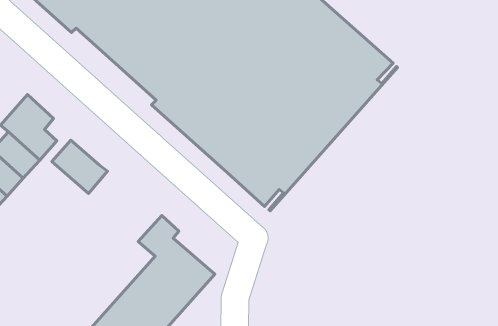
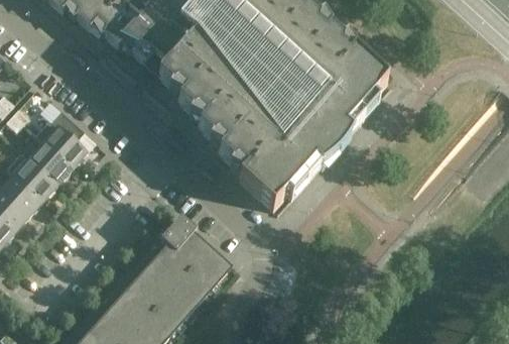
building: [52,140,107,194] -> none

